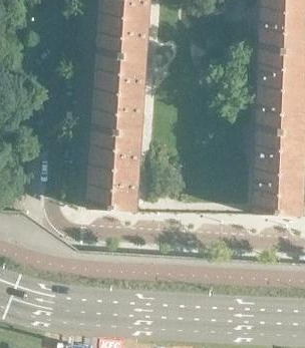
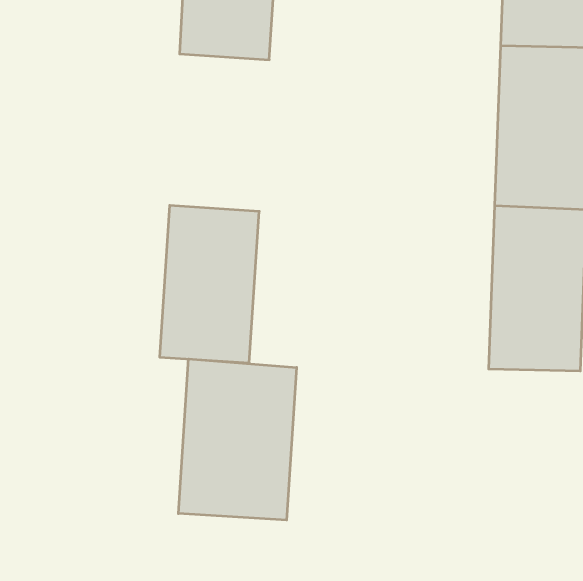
building: [93,55,143,134] -> none
building: none -> [178,359,297,520]

